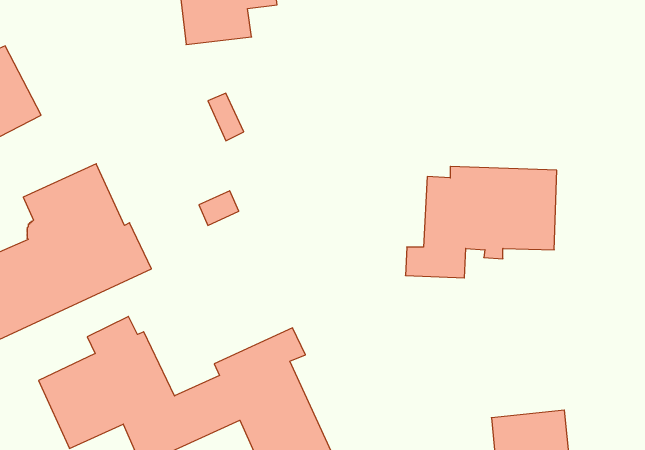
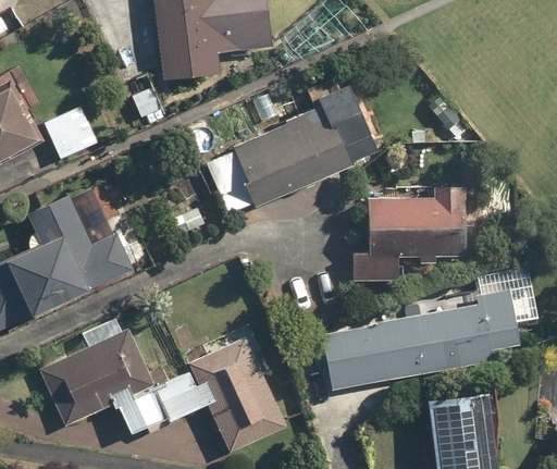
building: none -> [209,78,371,214]
building: none -> [45,103,99,160]
building: none -> [323,268,537,392]

